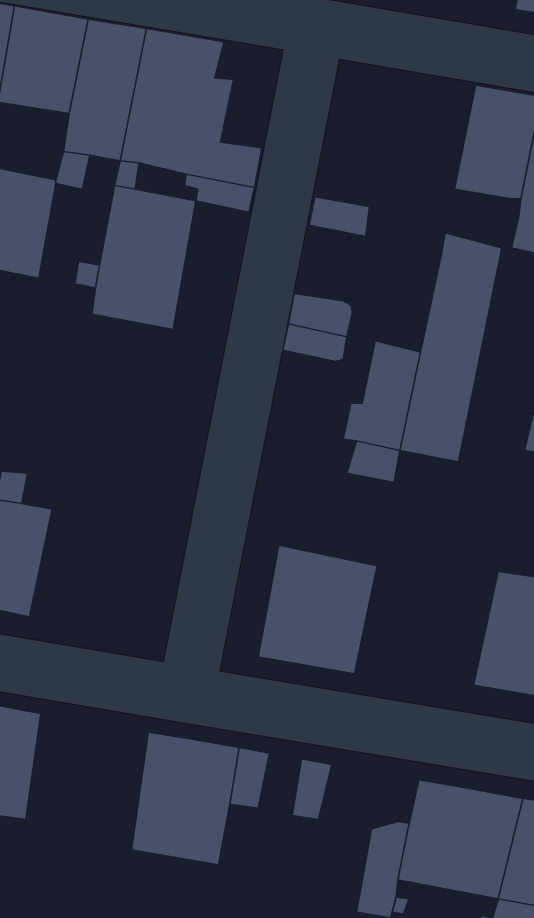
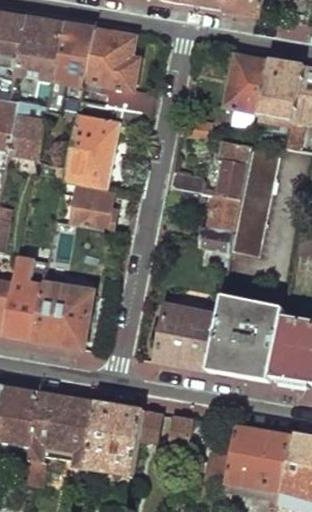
building: none -> [223,52,269,113]
building: none -> [216,140,251,199]
building: none -> [70,186,118,230]
building: none -> [33,256,106,348]
building: none -> [205,296,283,379]
building: none -> [26,390,96,483]

